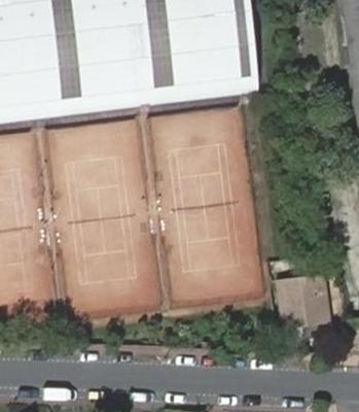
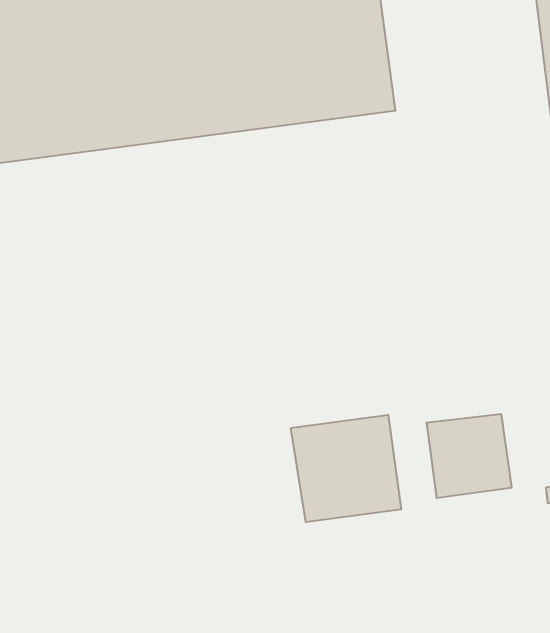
building: none -> [291,415,401,522]

